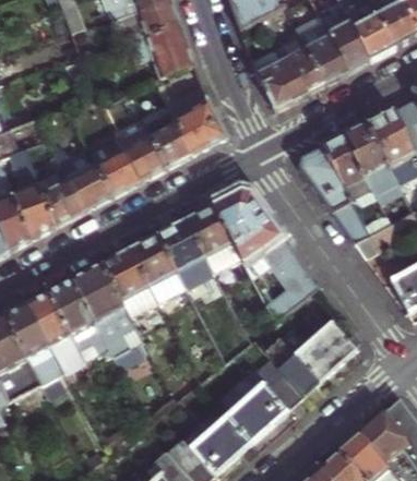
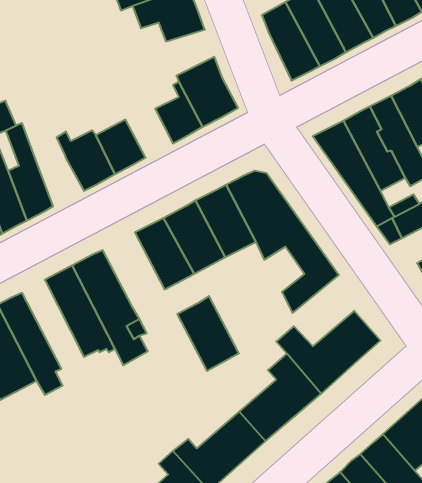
building: [117,134,165,179] -> none
building: [41,177,83,224] -> none
building: [100,248,157,316] -> [177,296,239,371]
building: [26,291,83,373] -> none

